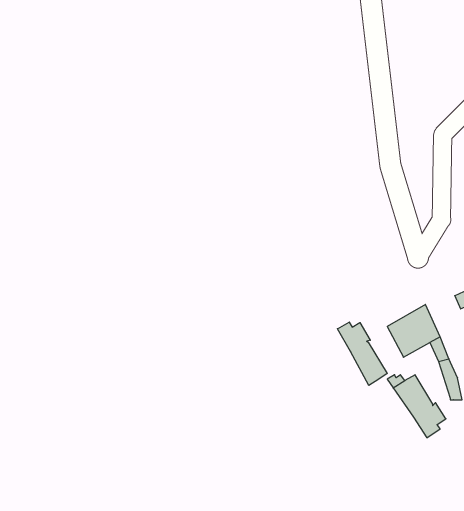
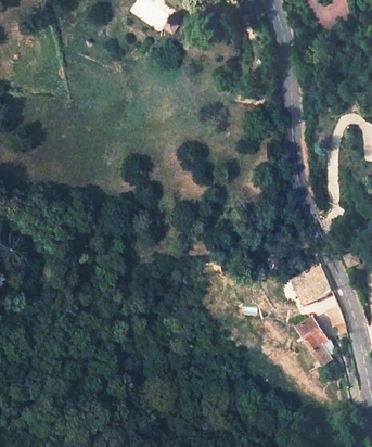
building: [337,322,387,385] -> none

